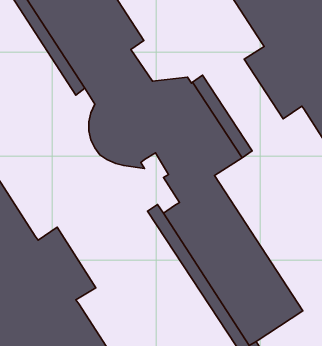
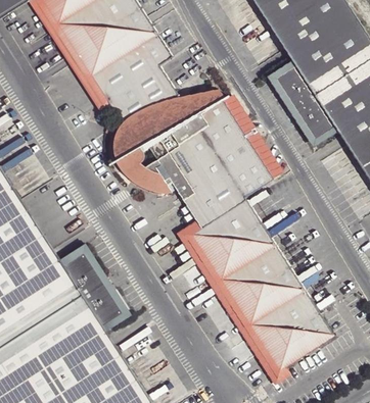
building: none -> [270,63,336,146]
building: none -> [173,175,209,238]
building: none -> [60,246,129,331]

